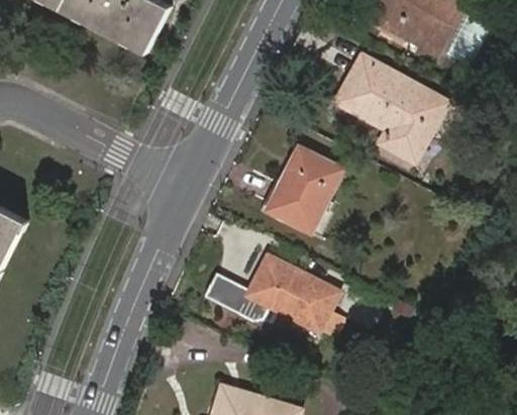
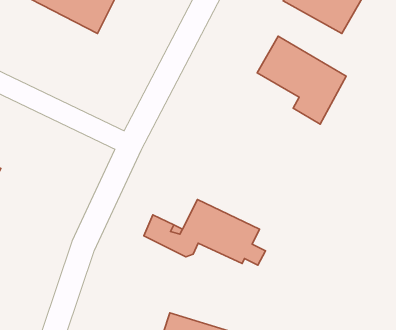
building: [268,147,340,230] -> none

